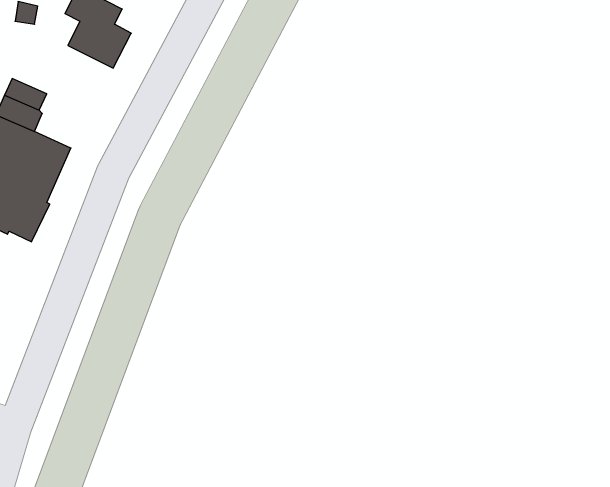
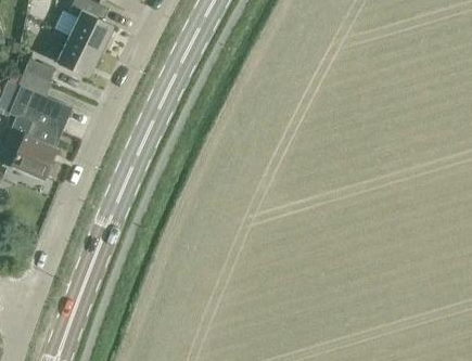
building: none -> [55,36,101,79]

